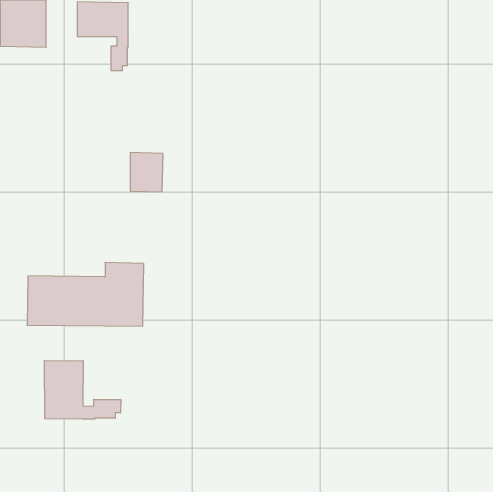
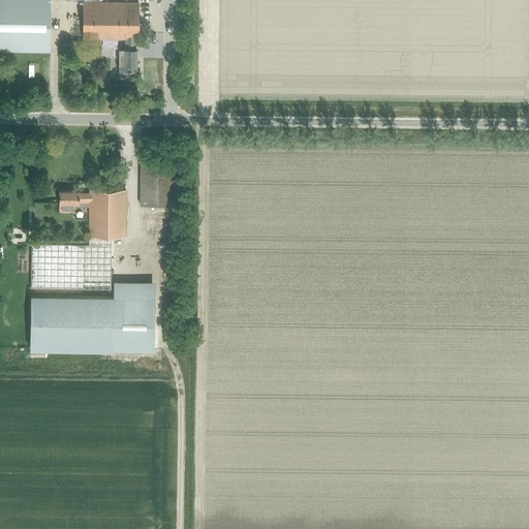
building: none -> [30,191,125,289]
building: [44,360,121,419] -> none

